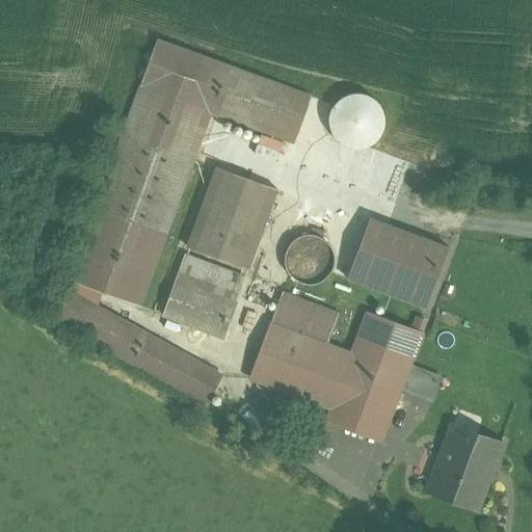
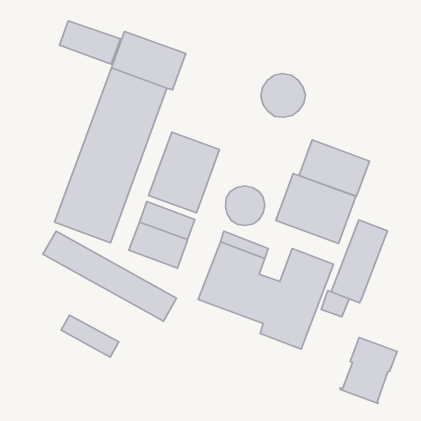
building: none -> [60,21,121,64]
building: [217,68,313,142] -> none
building: none -> [299,140,370,196]
building: none -> [331,220,387,303]
building: none -> [61,315,119,357]

